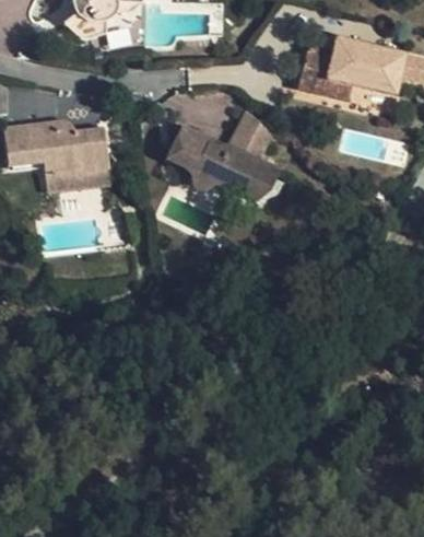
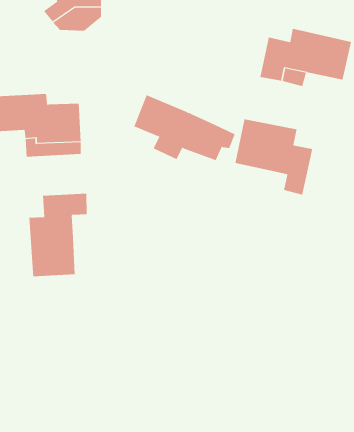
building: [229,108,275,153] -> none
building: none -> [235,118,313,196]
building: none -> [29,193,87,277]

